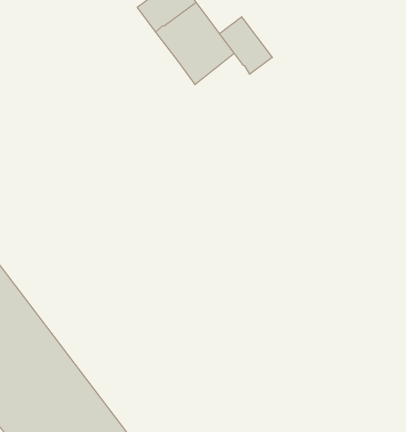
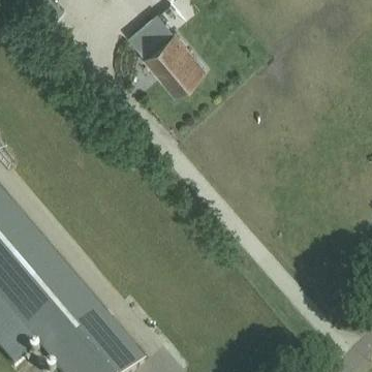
building: [219,17,272,74] -> none

